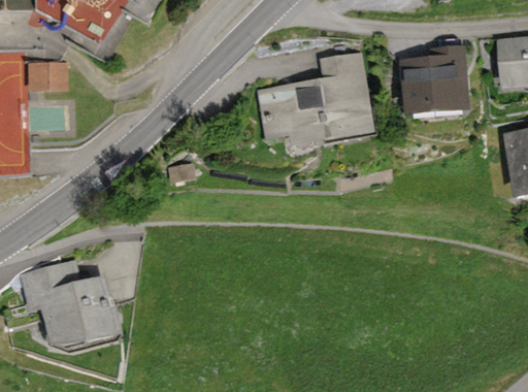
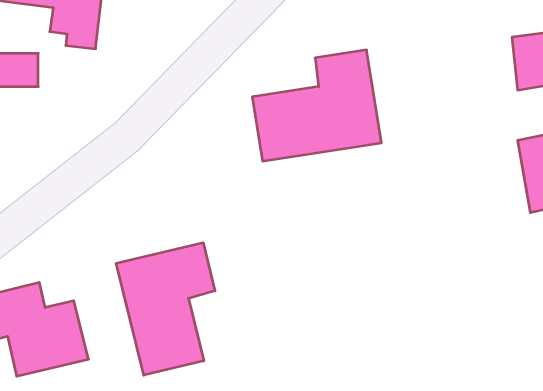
building: [387,43,461,120] -> none
building: none -> [116,243,215,375]

